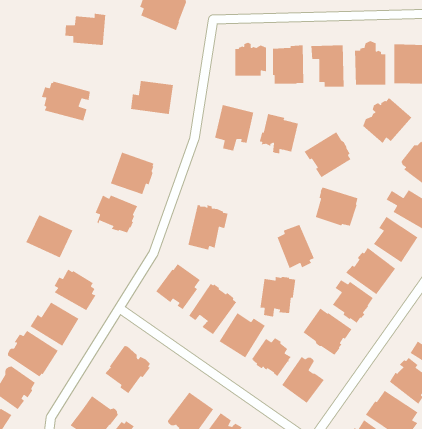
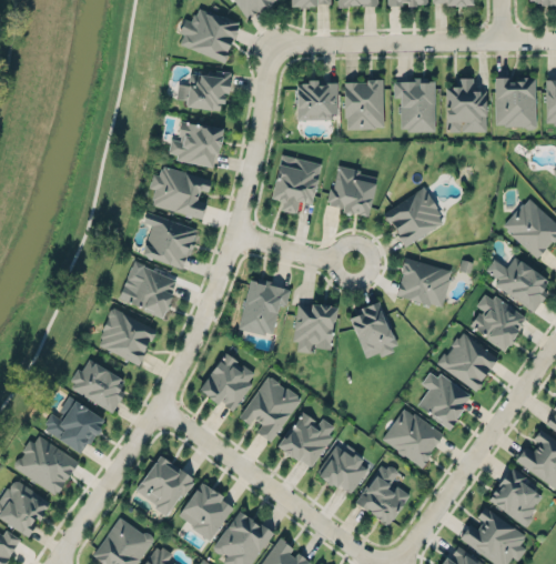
building: [64,13,106,46] -> [176,72,229,113]
building: [41,80,91,121] -> [150,167,212,218]
building: [362,97,412,144] -> none
building: [25,214,73,259] -> [97,311,156,366]
building: [260,276,296,317] -> [293,302,338,353]
building: none -> [178,485,234,542]

